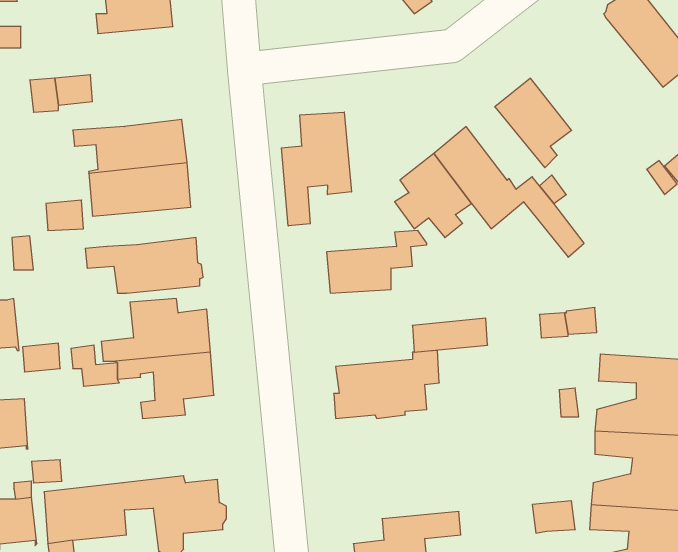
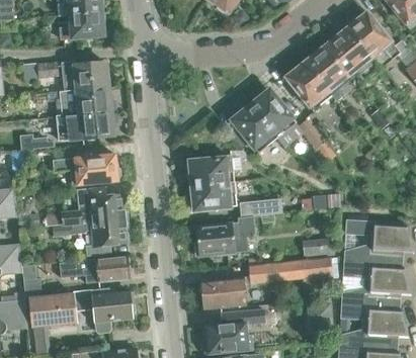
building: none -> [329,28,381,82]
building: none -> [306,47,348,98]
building: none -> [60,61,108,90]
building: [281,112,351,226] -> none
building: none -> [192,181,237,208]
building: none -> [62,256,129,281]
building: none -> [200,259,336,307]

